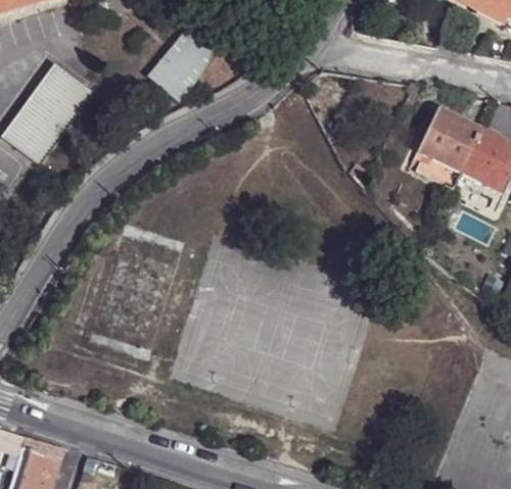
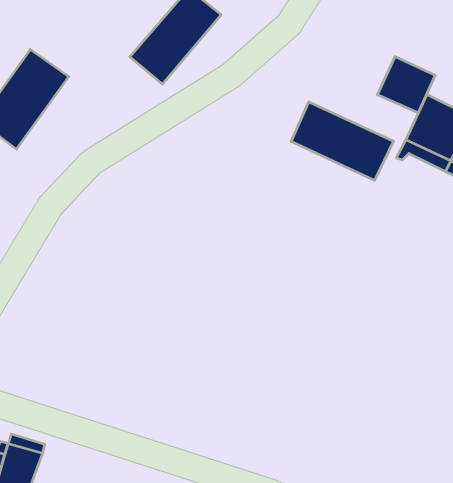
building: none -> [377,57,435,113]
building: none -> [291,102,394,180]

